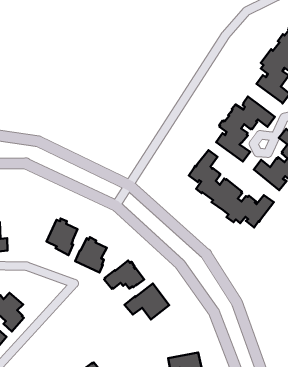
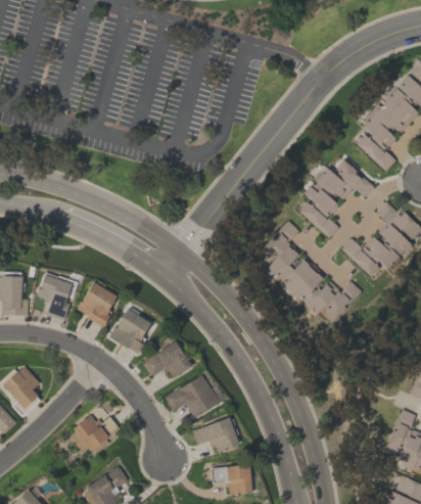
building: none -> [37,274,78,321]
building: none -> [193,418,239,453]
building: none -> [68,412,119,451]

